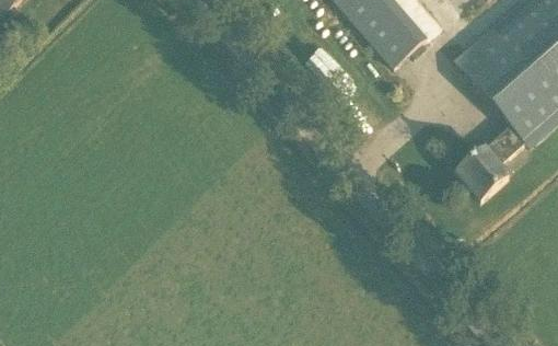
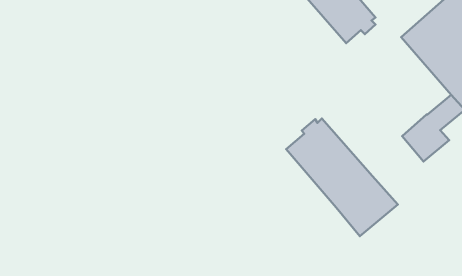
building: none -> [286,119,398,236]

